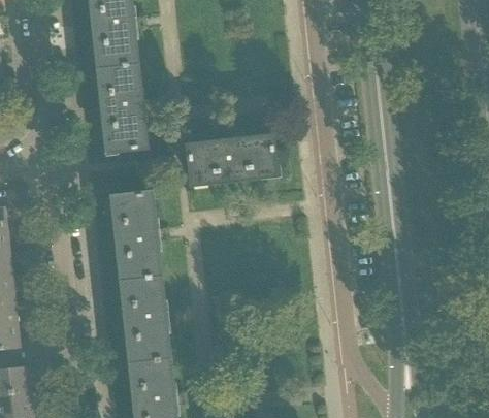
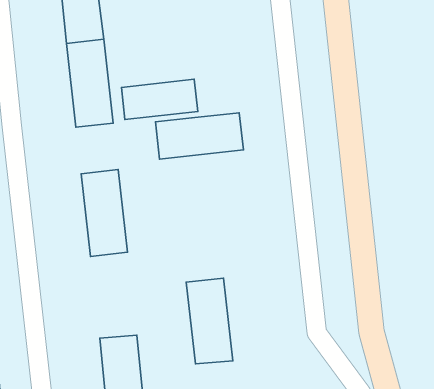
building: none -> [121,79,198,119]
building: [122,276,168,361] -> [186,278,233,364]

